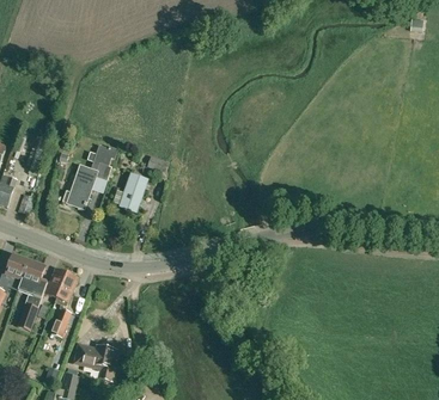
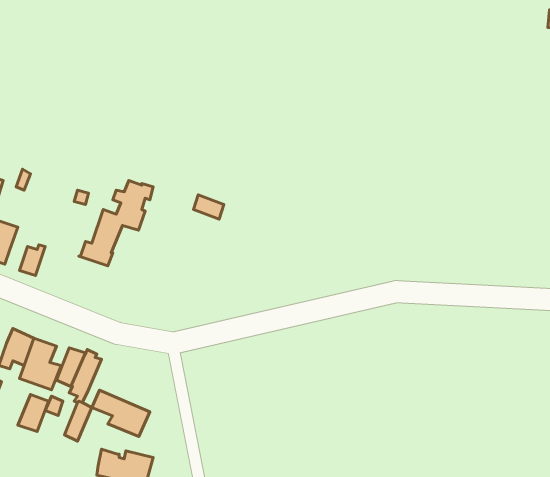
building: [123,168,151,209] -> none
building: none -> [92,390,150,436]

